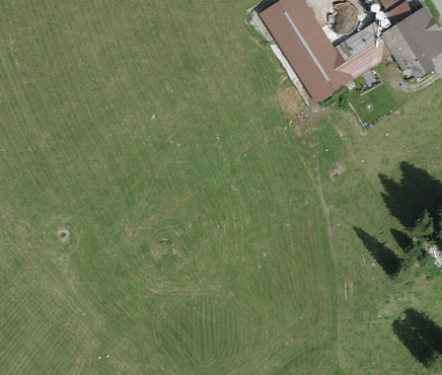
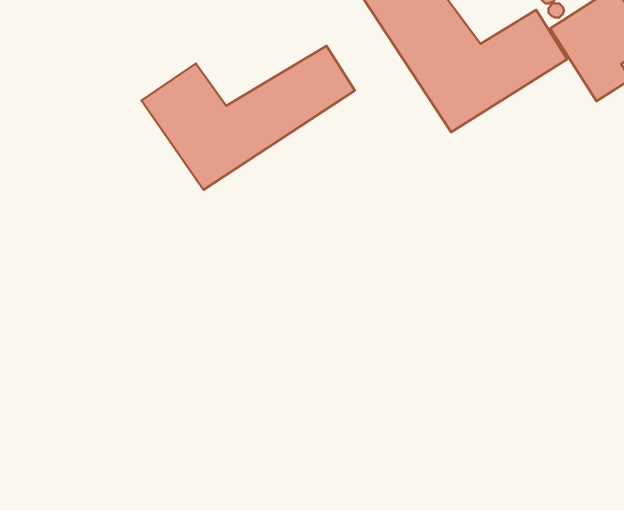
building: none -> [141,46,355,190]

